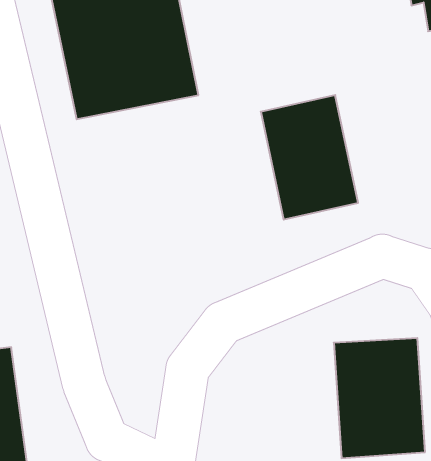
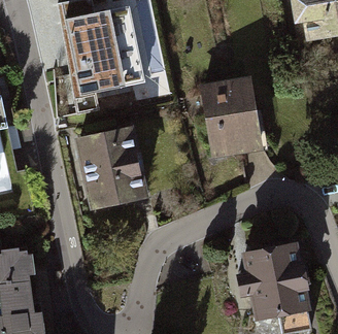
building: none -> [79,126,146,208]

